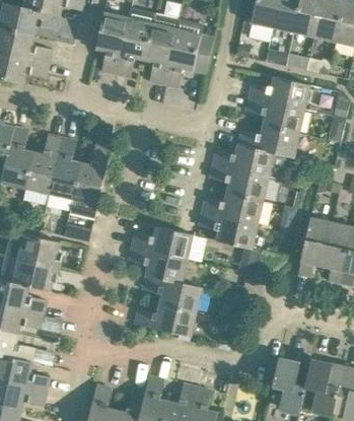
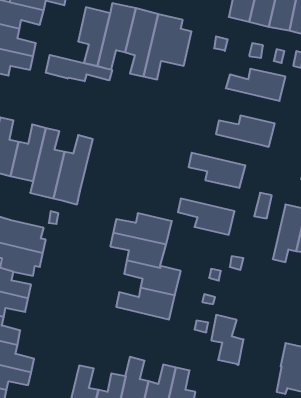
building: none -> [46,55,112,81]
building: [245,96,304,133] -> none
building: [213,144,285,179] -> none
building: [202,192,263,224] -> none
building: [273,360,306,412] -> [211,315,244,365]

